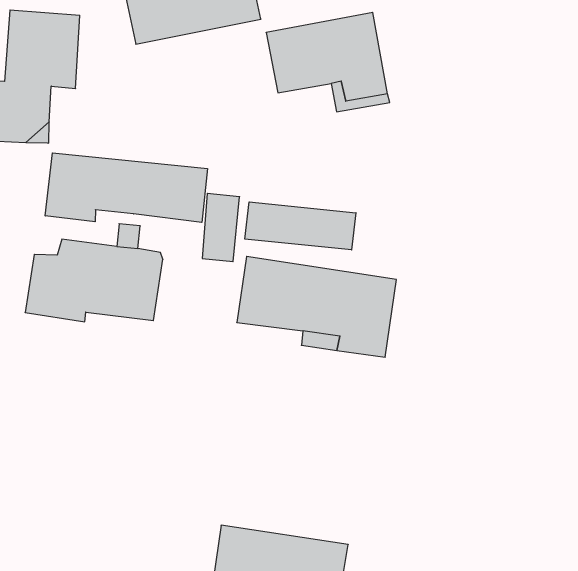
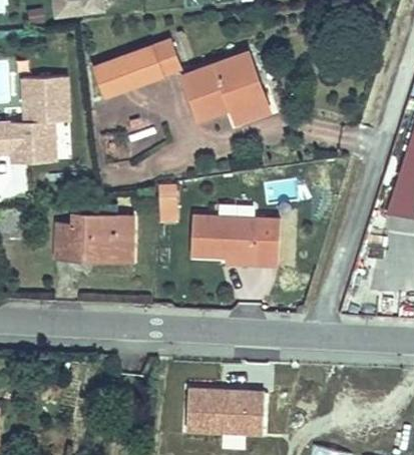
building: [45,153,207,222] -> none
building: [245,202,356,250] -> none

